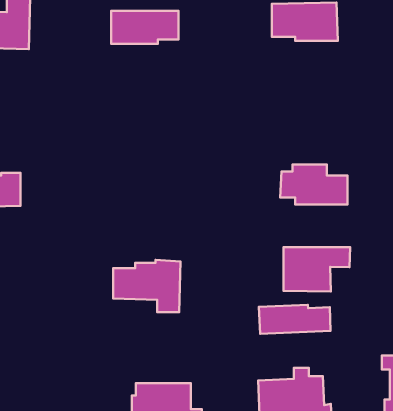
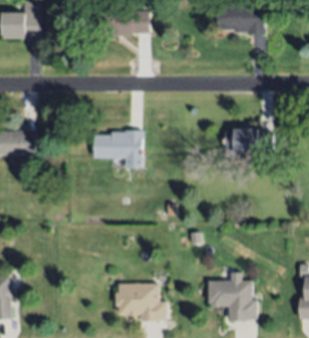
building: [283,247,350,292] -> none
building: [113,260,180,312] -> [93,130,142,168]
building: [259,305,331,334] -> none

